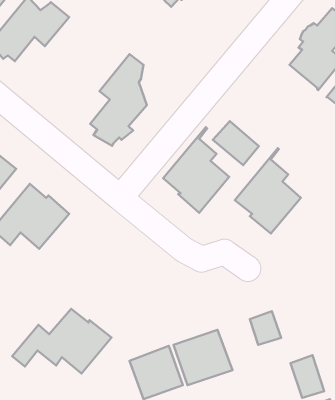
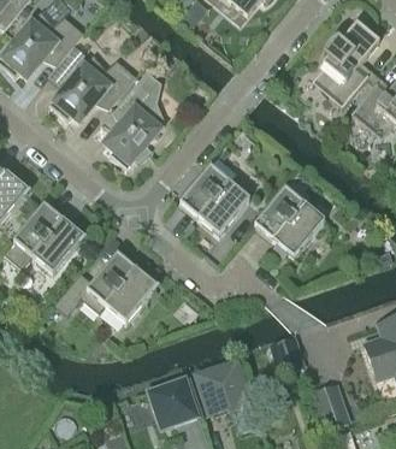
building: none -> [52,53,135,120]
building: [213,121,259,165] -> none
building: [12,309,112,374] -> [53,254,156,321]

